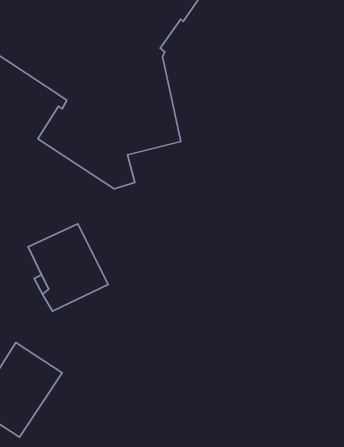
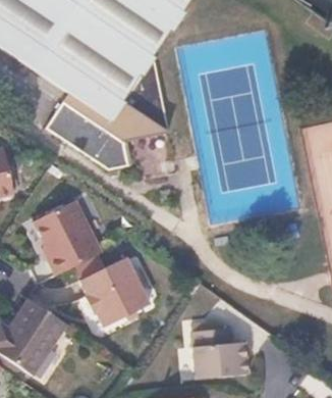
building: none -> [84,256,151,326]
building: none -> [191,322,248,376]

